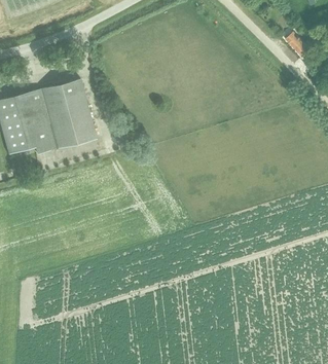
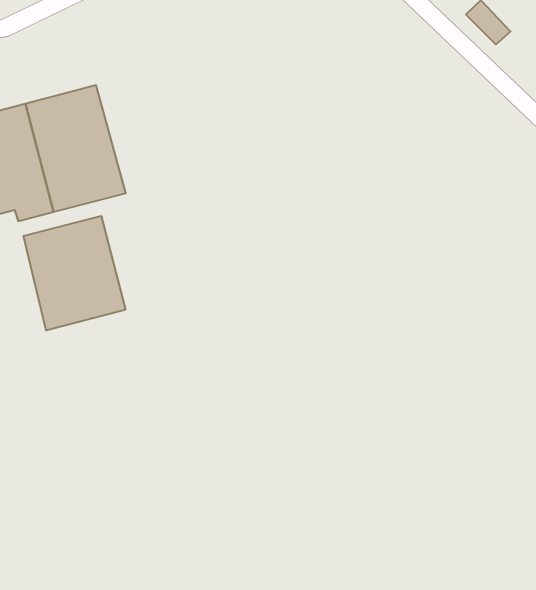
building: none -> [24,216,125,330]

